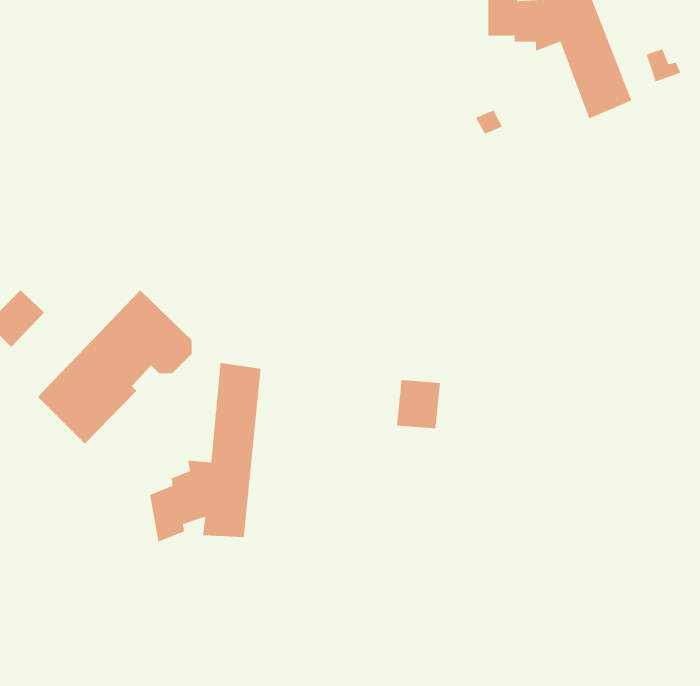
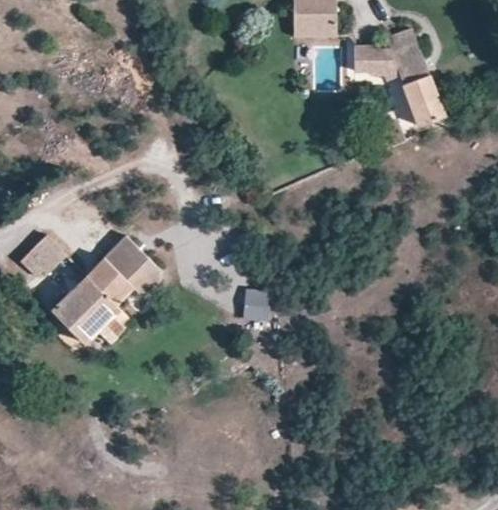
building: [150,362,261,543] -> none
building: [396,380,441,429] -> [243,289,272,321]

